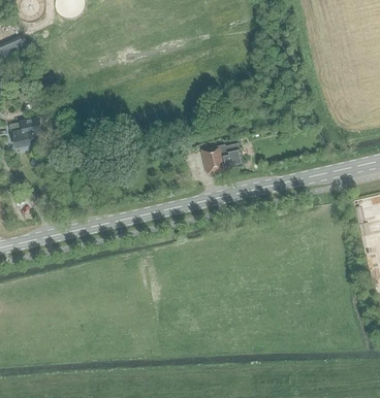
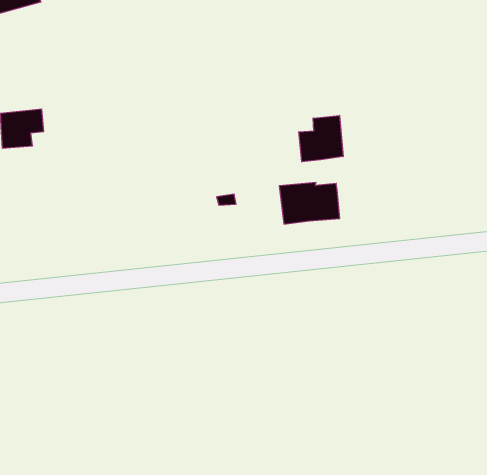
building: none -> [299,115,343,162]

